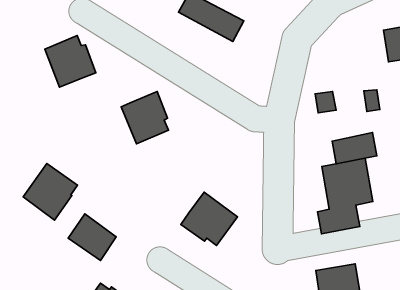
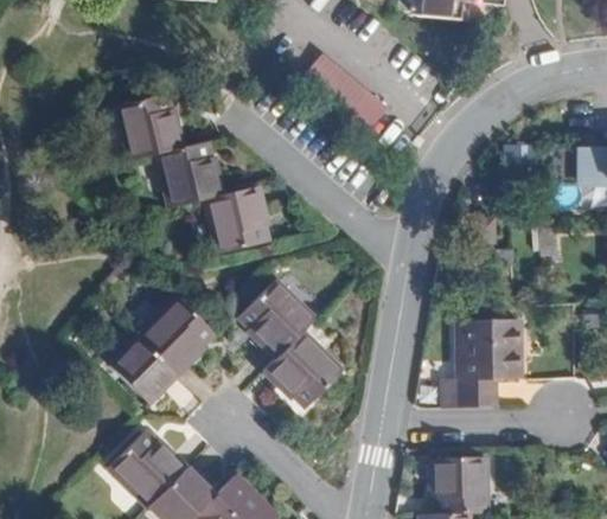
building: none -> [156,139,219,204]
building: [332,132,377,164] -> none
building: none -> [239,276,314,353]
building: [23,164,77,220] -> [135,293,211,371]

